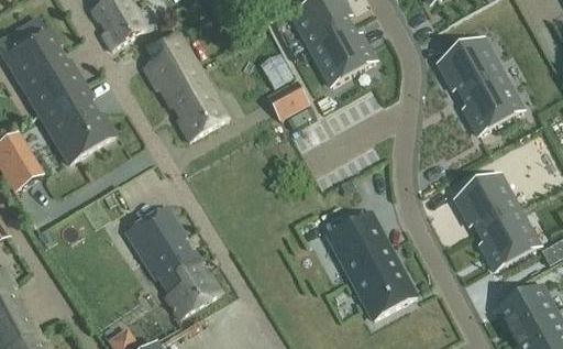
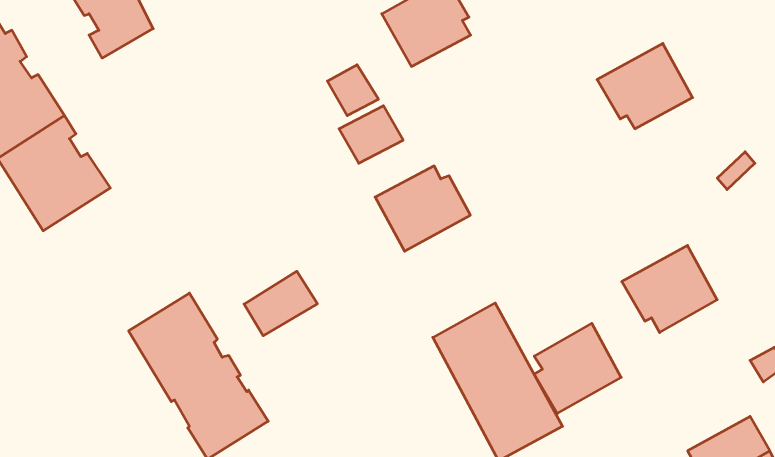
building: [141,30,225,138] -> none
building: [314,31,378,88] -> [375,166,470,251]
building: [464,73,522,132] -> none
building: none -> [244,271,317,336]
building: [481,208,539,269] -> [534,323,621,414]

